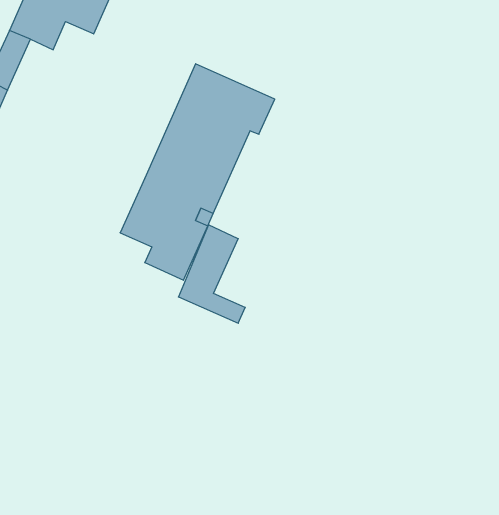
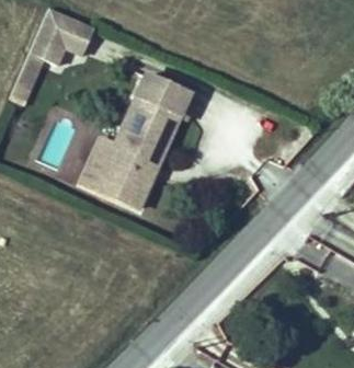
building: [178,225,245,323] -> [77,136,118,197]

